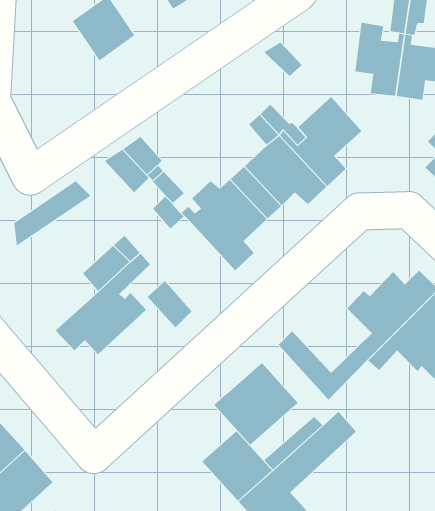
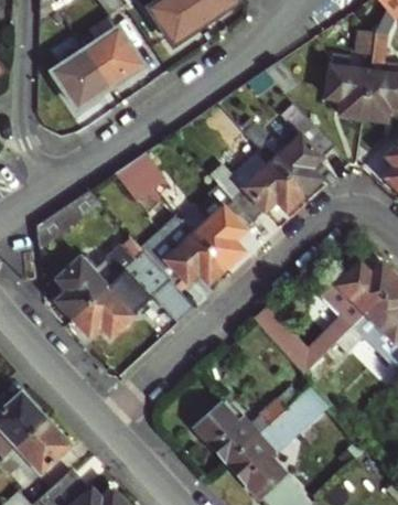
building: none -> [54,53,109,108]
building: none -> [152,223,225,282]
building: none -> [56,256,108,316]
building: [214,362,298,445] -> none

